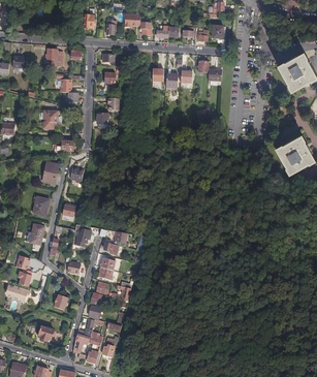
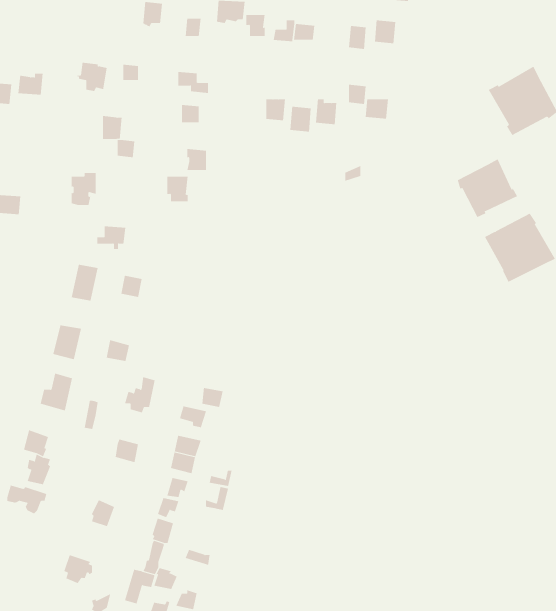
building: none -> [457,159,518,218]

